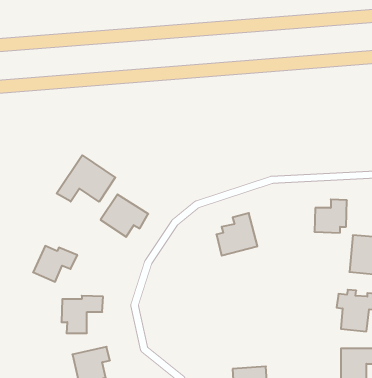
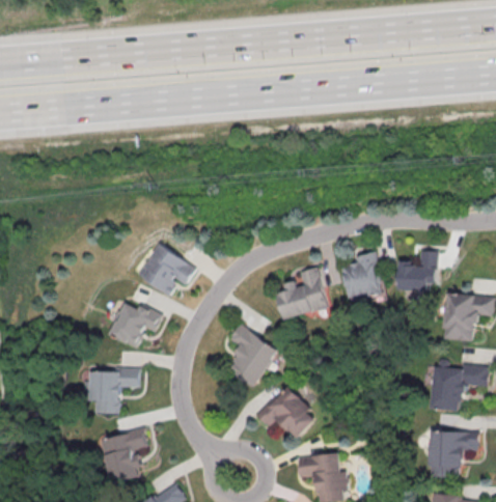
building: [57,155,115,202] -> none
building: none -> [340,252,383,300]
building: [33,246,77,282] -> [109,303,163,346]
building: none -> [227,325,278,387]
building: none -> [255,385,314,438]

